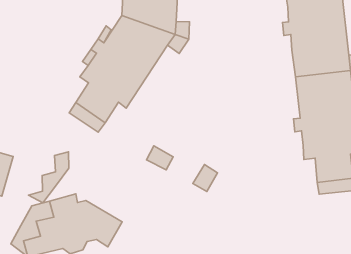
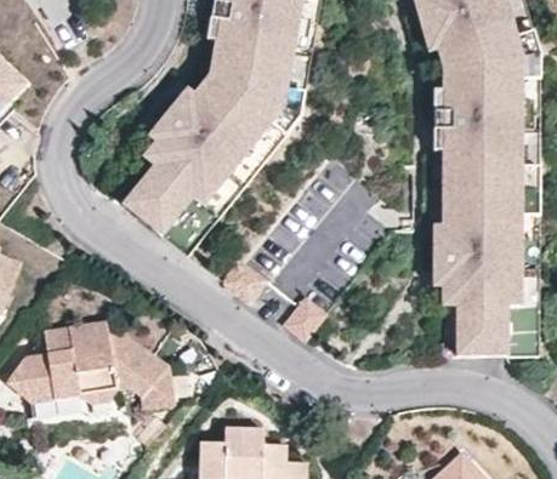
building: [29,152,69,203] -> none

